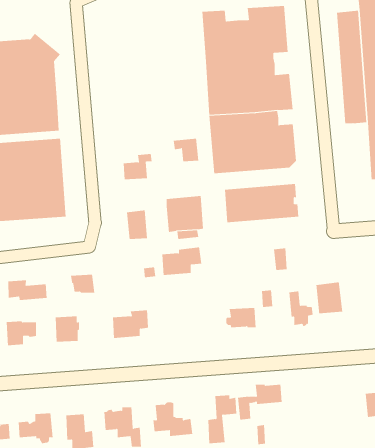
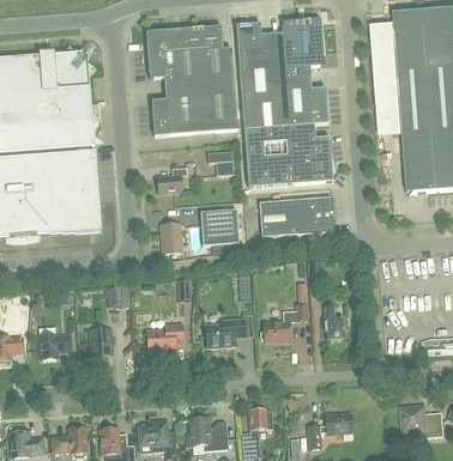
building: none -> [146,24,237,134]
building: [162,247,202,276] -> [205,317,246,346]
building: [8,279,47,301] -> none
building: [316,282,343,314] -> none
building: [237,384,282,420] -> [307,412,352,448]

